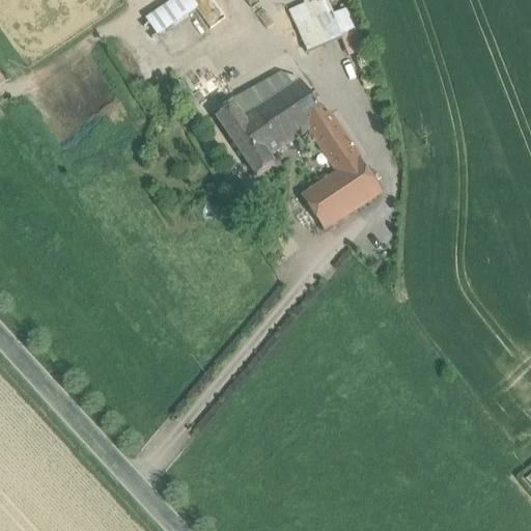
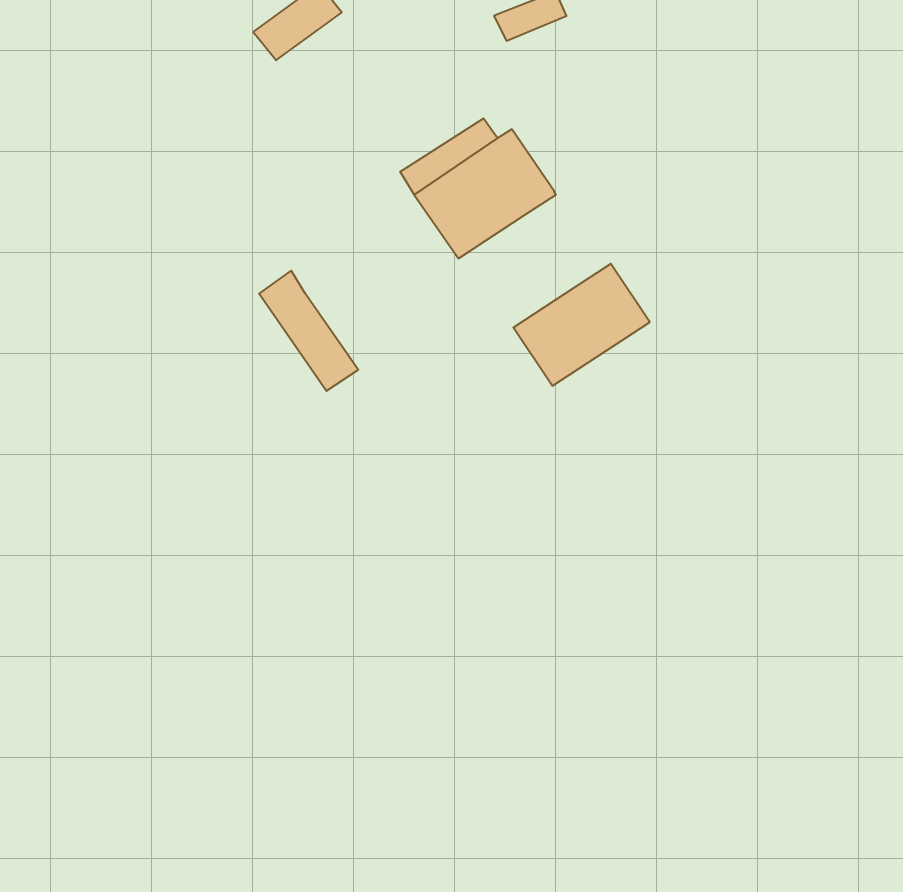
building: [297,9,341,47] -> none
building: [216,101,274,171] -> [259,271,358,391]
building: [308,110,358,168] -> none

